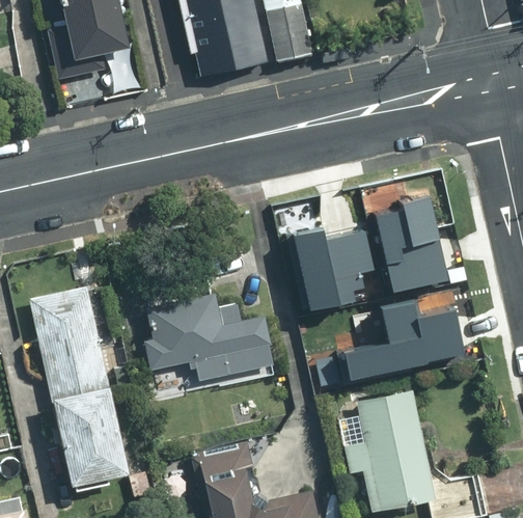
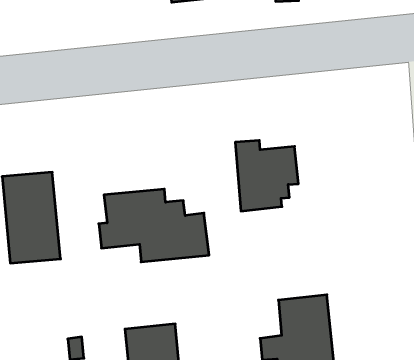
building: [368,195,441,288] -> none
building: [338,299,457,376] -> none
building: [53,384,133,482] -> none

